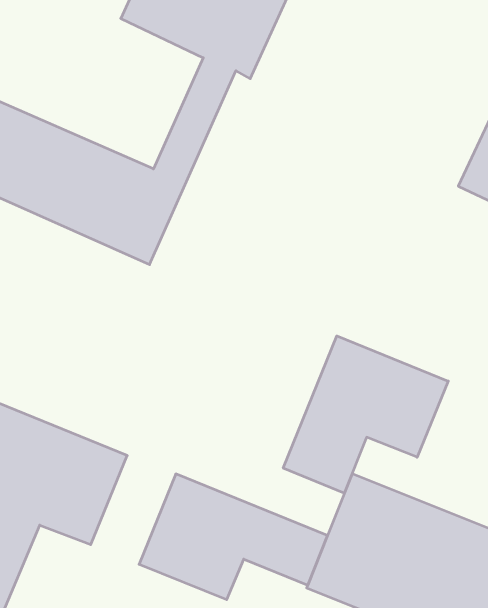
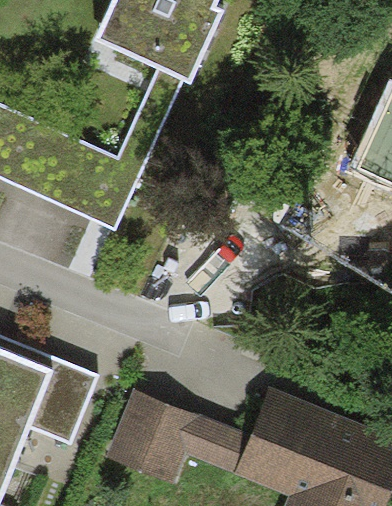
building: [283,336,448,493] -> none

